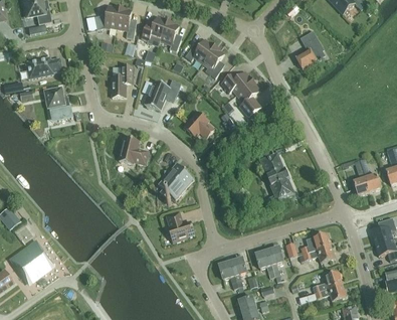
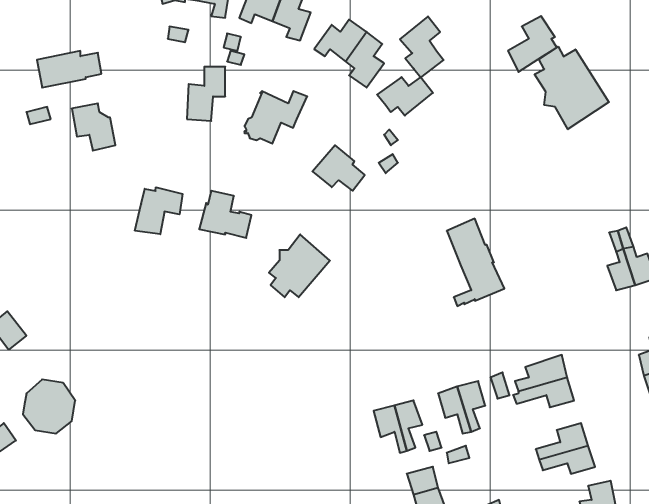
building: none -> [535,47,609,129]
building: [237,81,262,116] -> [400,16,444,78]
building: none -> [135,187,183,234]
building: [167,211,195,242] -> none

